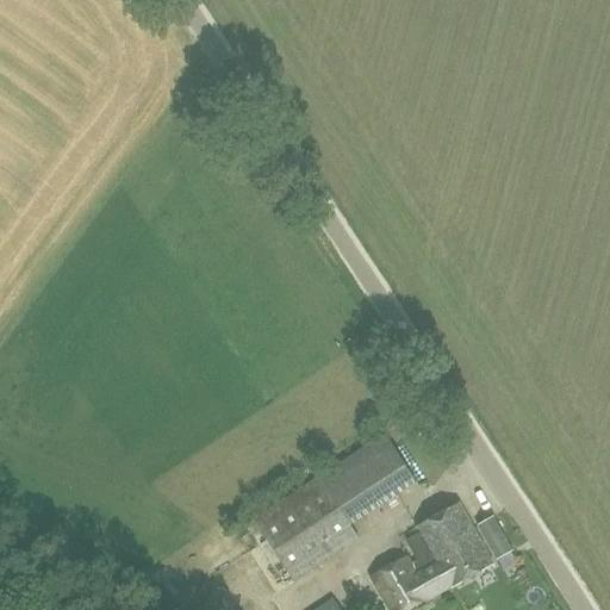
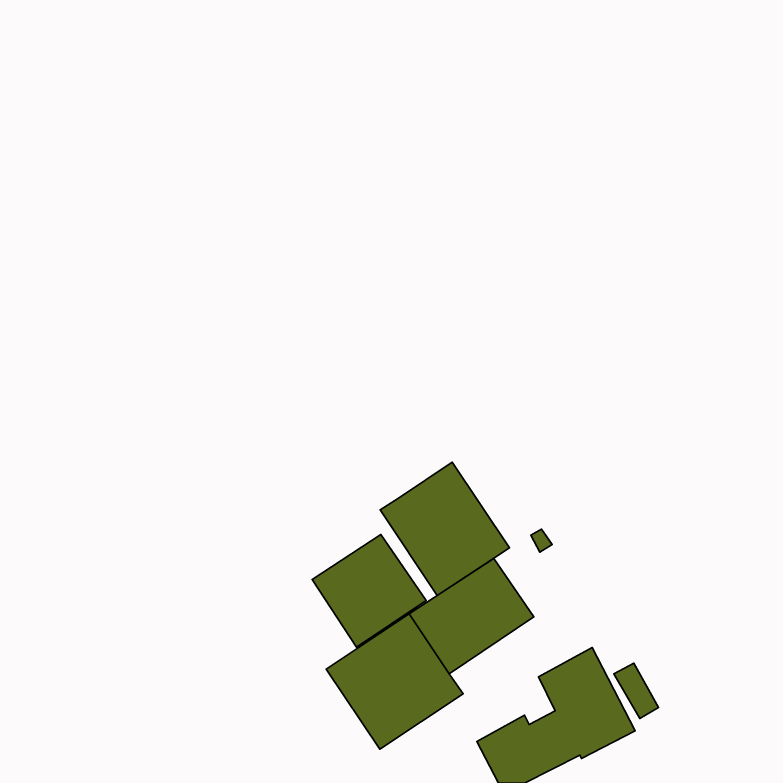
building: none -> [380,462,509,595]
building: none -> [312,534,426,647]

